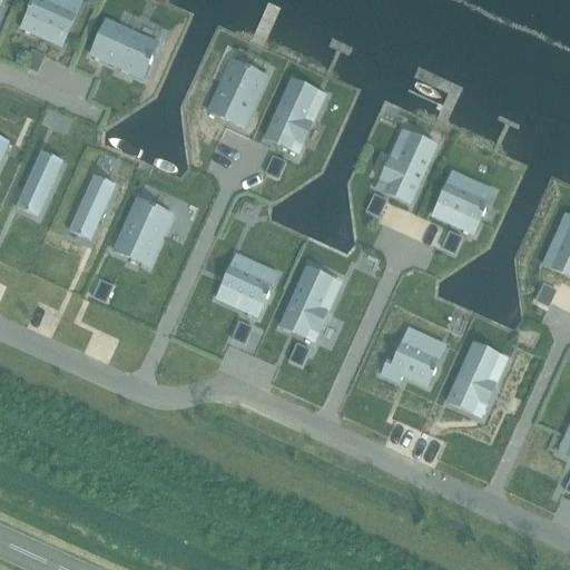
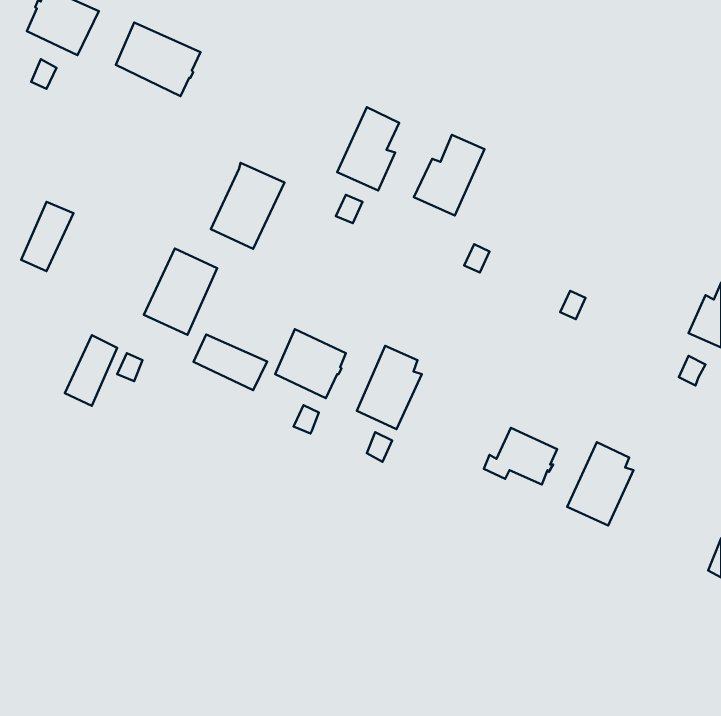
building: [208,58,266,126] -> [211,163,284,249]
building: [376,138,432,202] -> [414,135,484,215]
building: [433,177,489,230] -> none
building: [69,183,110,238] -> [65,335,117,406]
building: none -> [193,334,267,390]

